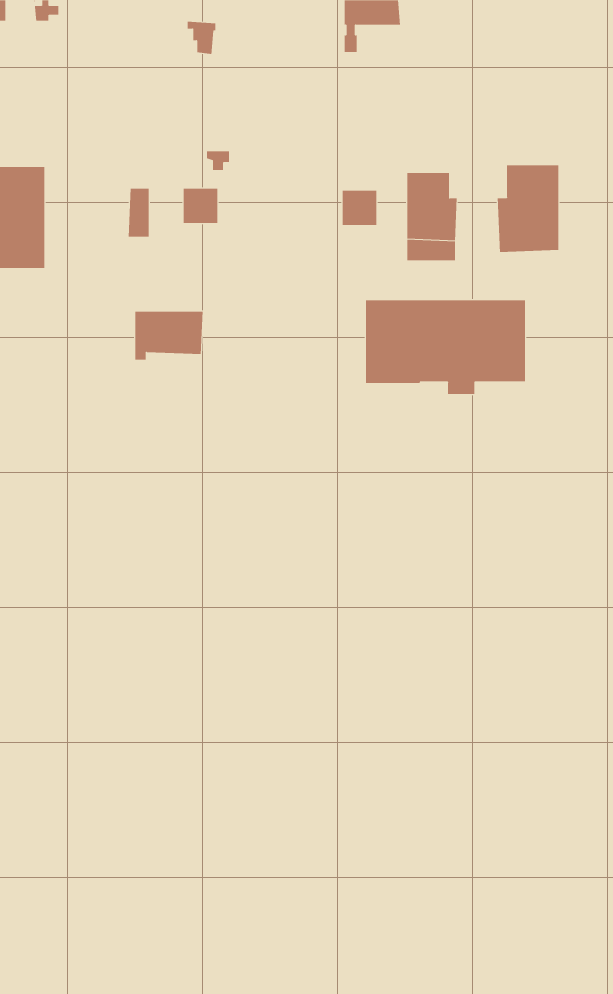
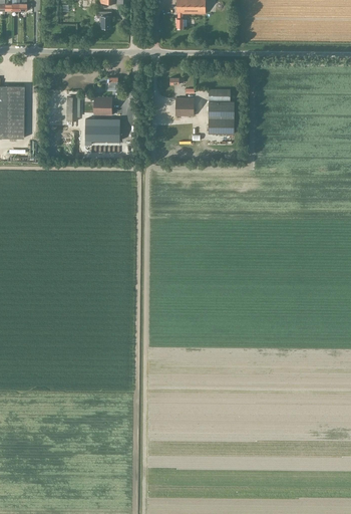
building: [497,165,559,253] -> none
building: [365,299,525,395] -> none
building: [135,311,203,360] -> [85,118,120,144]

